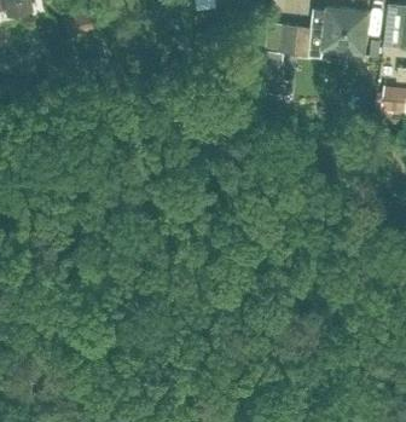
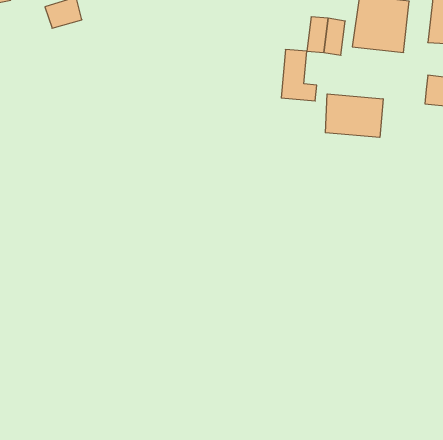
building: none -> [325,94,383,137]

